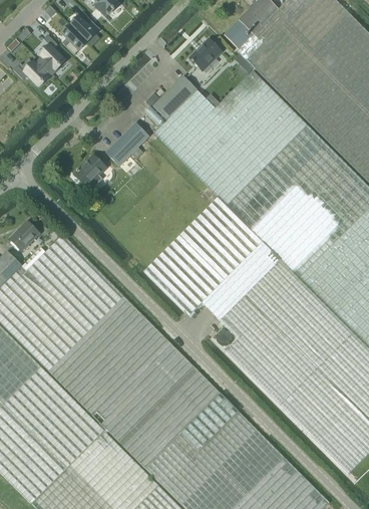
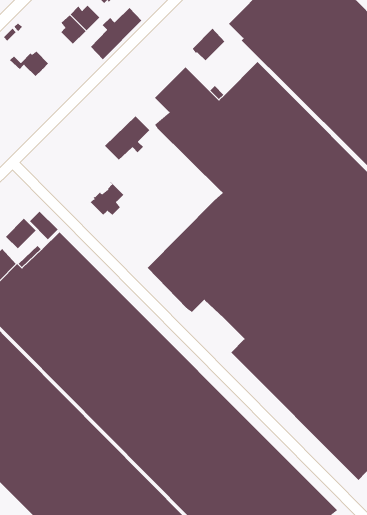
building: none -> [90,7,142,60]
building: [39,34,65,72] -> none
building: [72,154,105,187] -> [90,181,124,216]
building: none -> [29,211,58,240]

